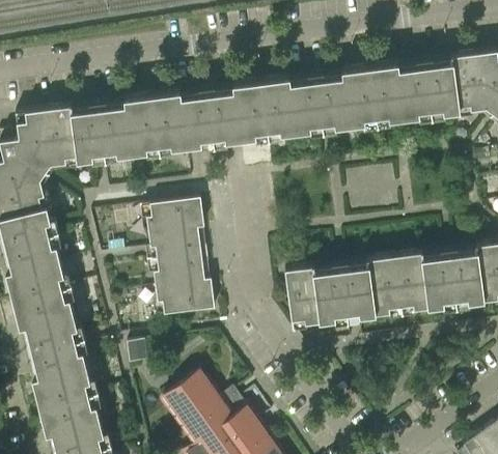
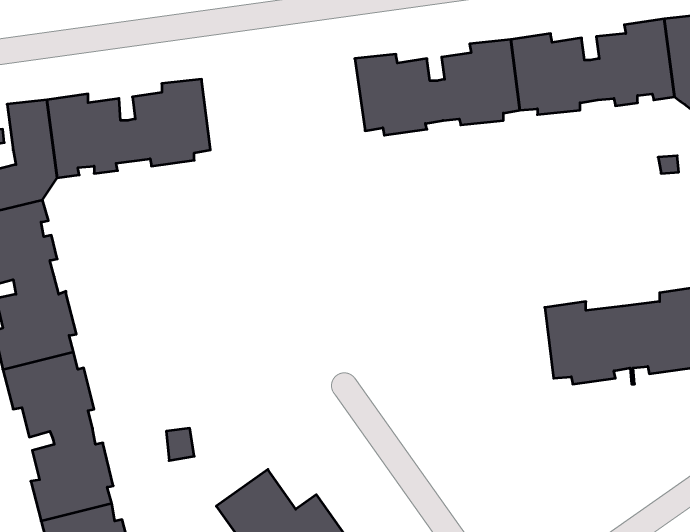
building: [153,84,268,152] -> none
building: [146,200,215,317] -> none
building: [285,259,400,329] -> none

